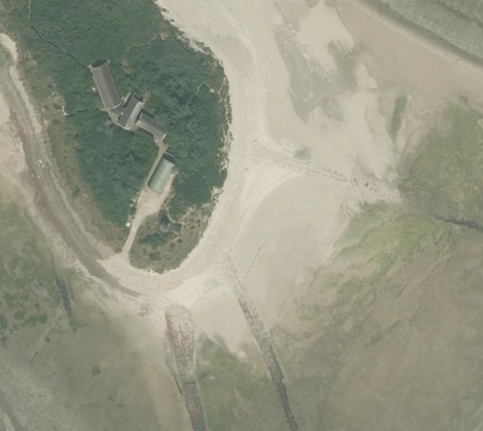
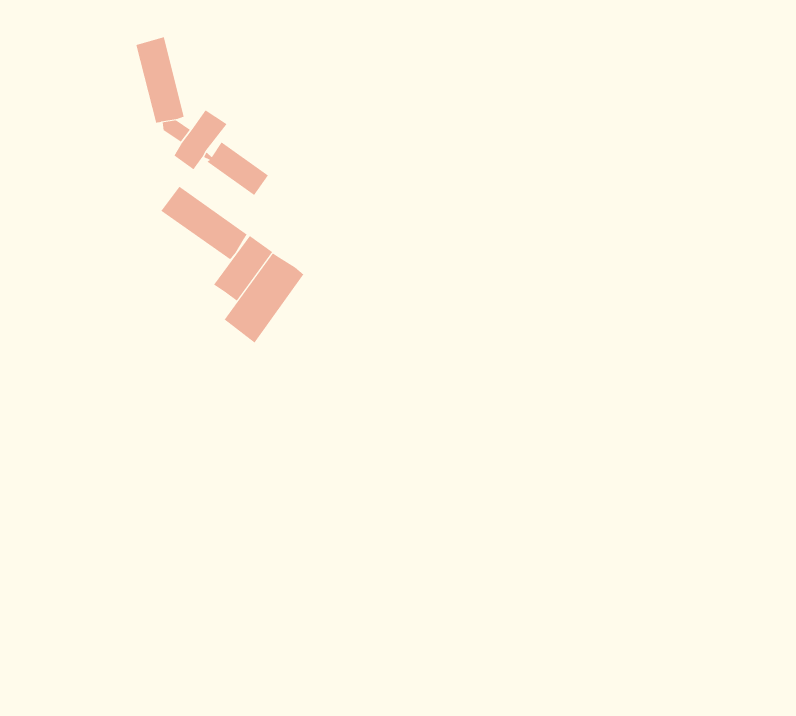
building: none -> [160,186,247,260]
building: none -> [224,253,304,343]

